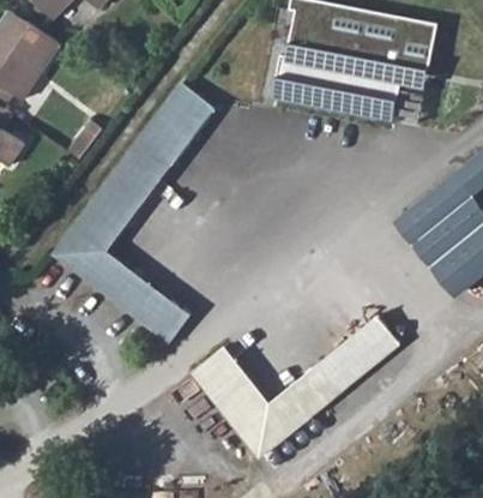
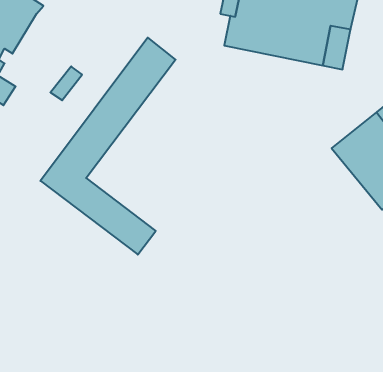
building: [192,314,399,455] -> none

